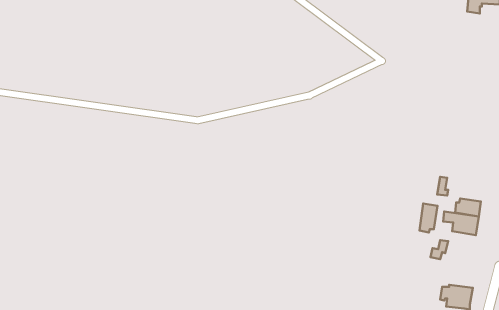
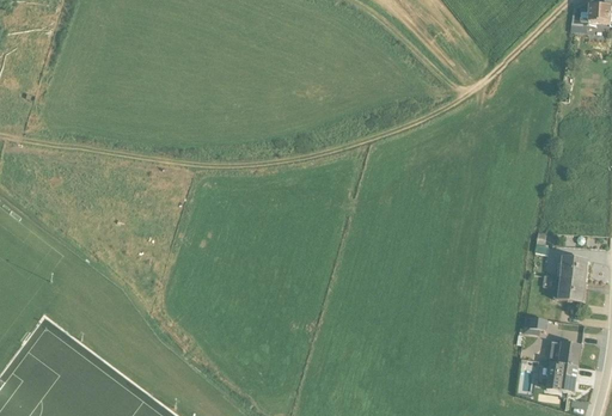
building: [419,203,437,232] -> none
building: none -> [547,339,581,366]

